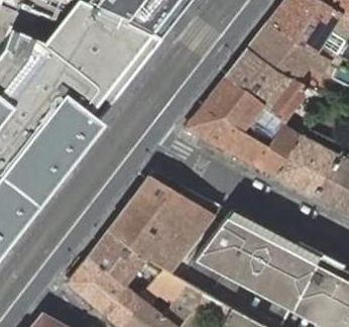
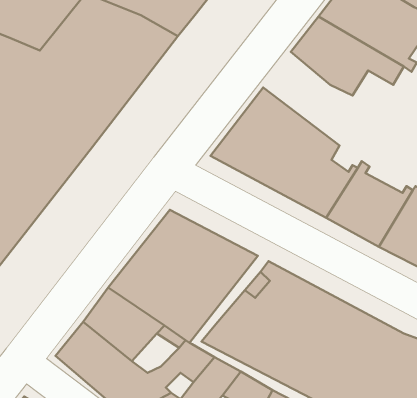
building: [227,48,302,120] -> none

